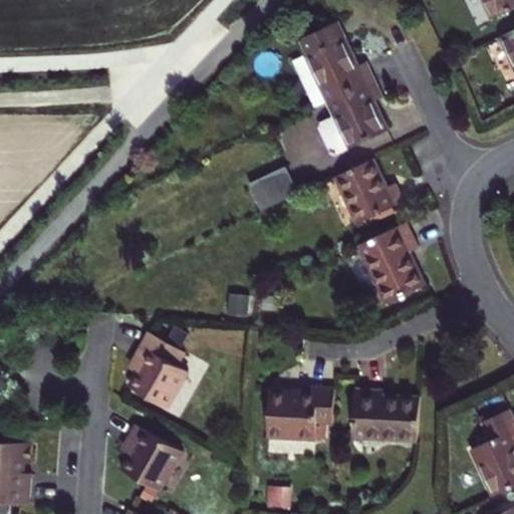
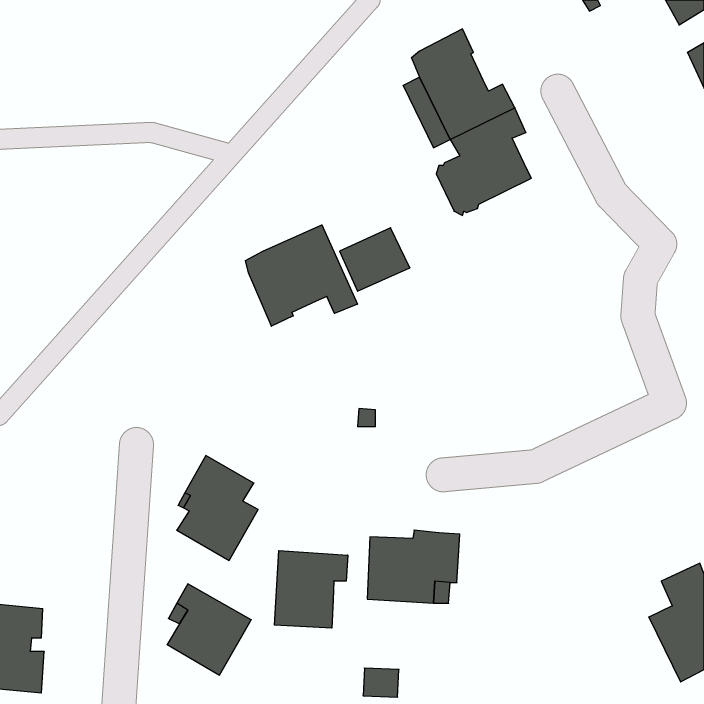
building: [336,161,405,224] -> none
building: none -> [246,225,357,326]
building: [360,224,423,303] -> none
building: [352,391,420,441] -> none
building: none -> [275,551,348,628]

